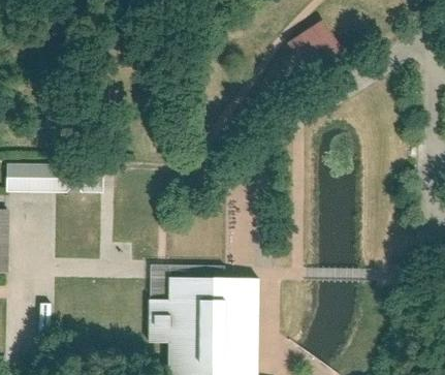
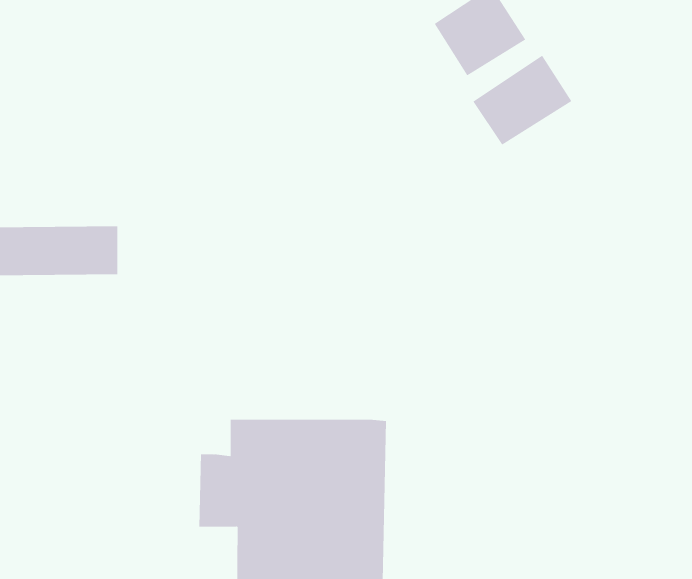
building: none -> [472,55,572,146]

